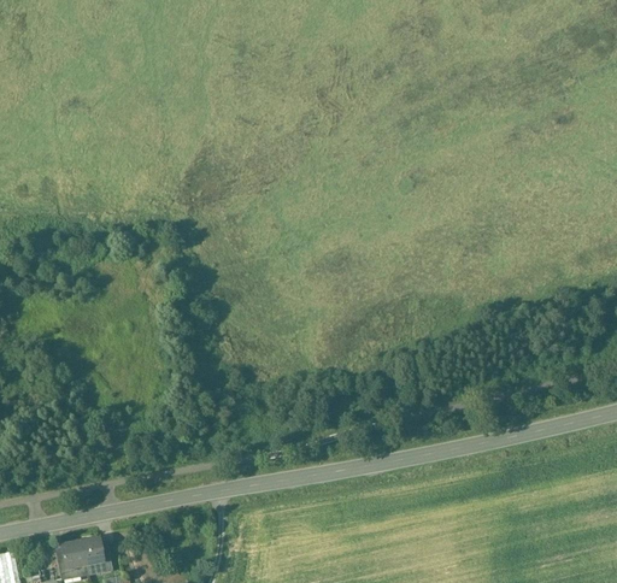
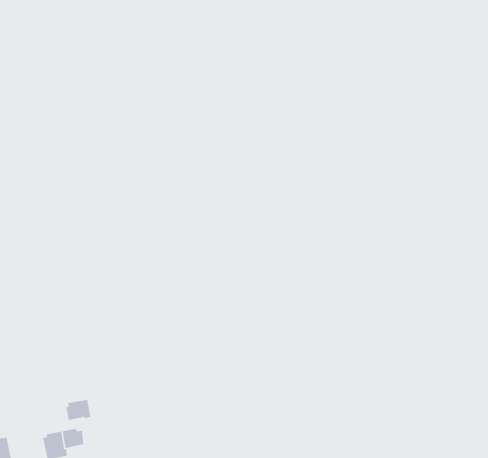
building: none -> [65,399,91,421]

